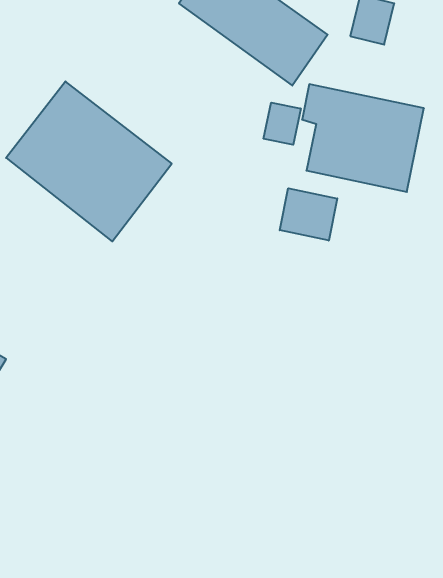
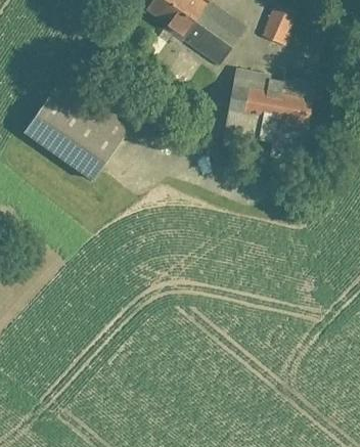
building: [264,103,301,145] -> none
building: [280,188,337,241] -> none

